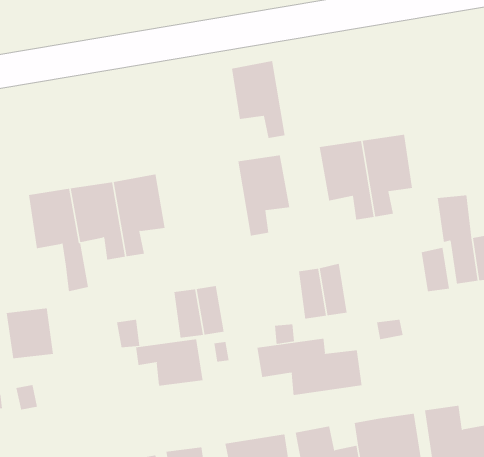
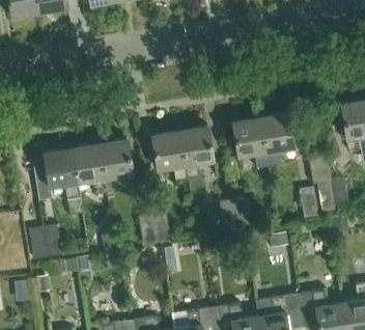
building: [231,60,286,139] -> [152,131,188,182]
building: [257,338,362,396] -> none
building: [136,338,203,387] -> none

